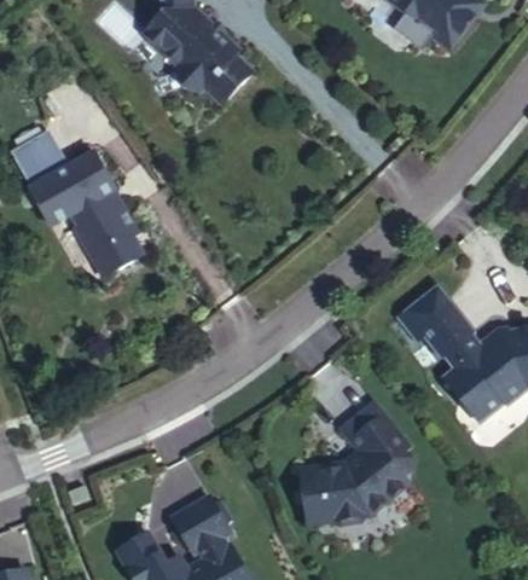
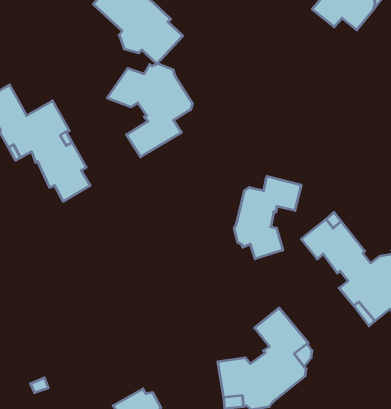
building: none -> [107,63,193,157]
building: none -> [234,176,301,259]

